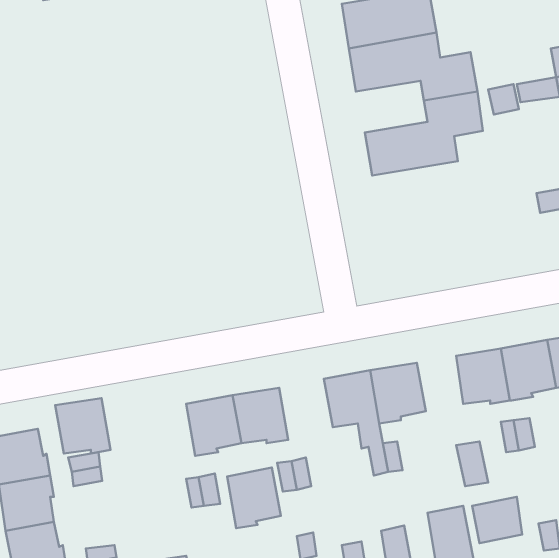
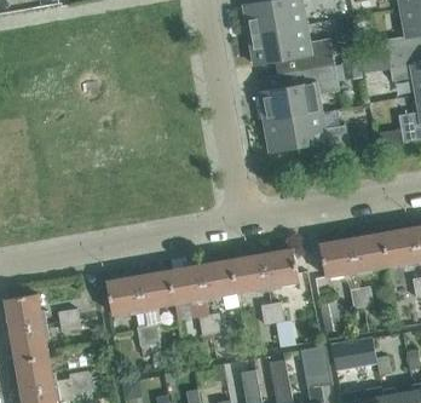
building: none -> [263,111,348,159]
building: [55,398,110,454] -> [105,276,143,313]
building: [227,468,281,528] -> [200,259,236,300]

